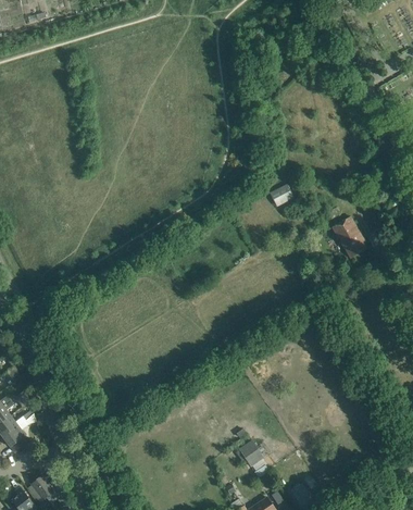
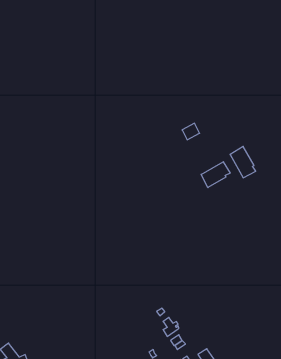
building: none -> [201,162,230,188]

